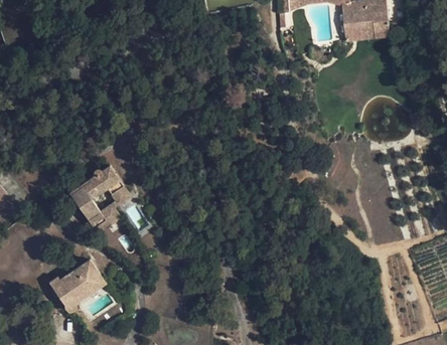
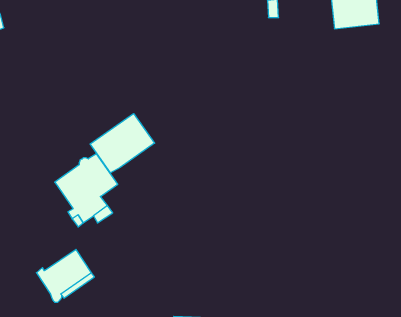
building: none -> [90,114,155,173]

